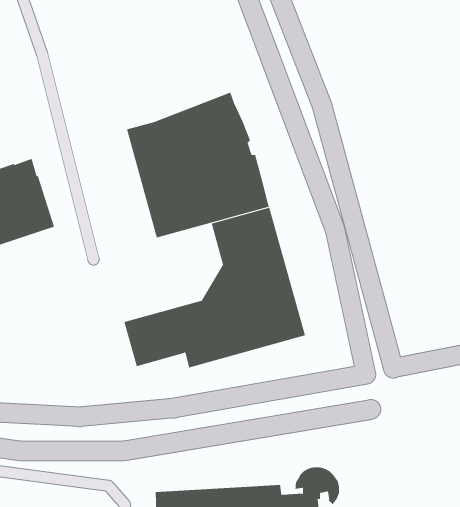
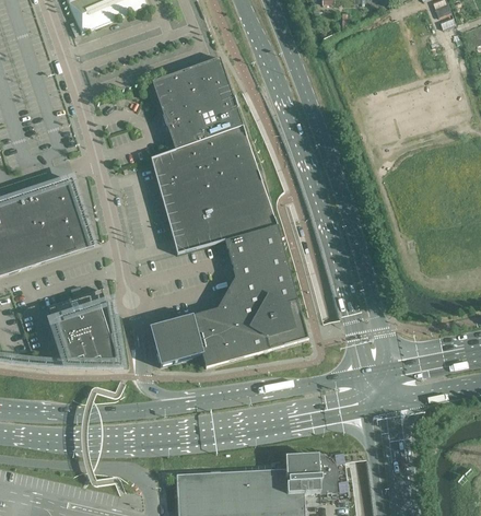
building: none -> [152,56,243,149]
building: none -> [48,288,117,364]

